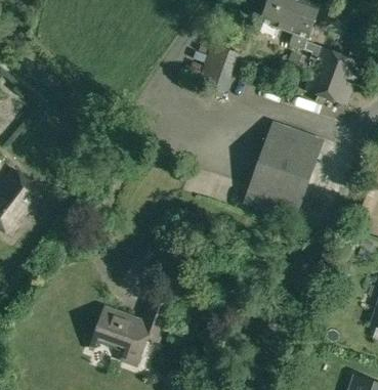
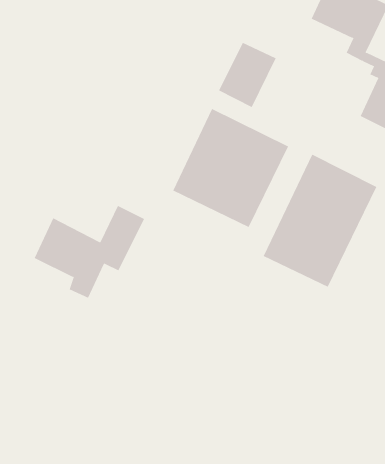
building: none -> [172,108,289,228]
building: [93,293,173,364] -> [34,205,145,298]

